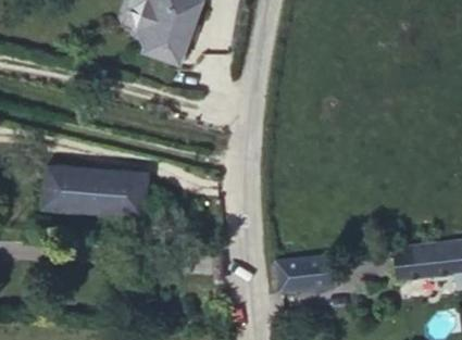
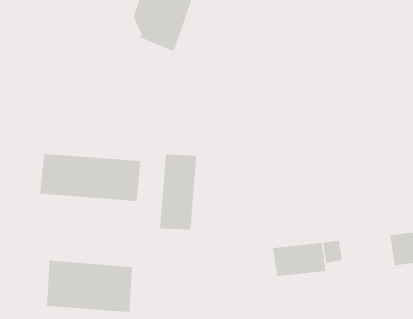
building: none -> [159,153,197,230]
building: none -> [46,260,133,313]

